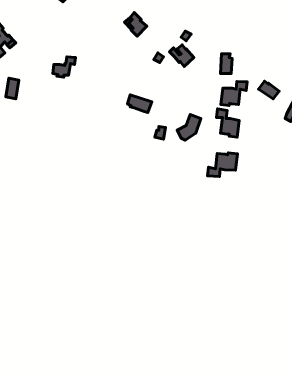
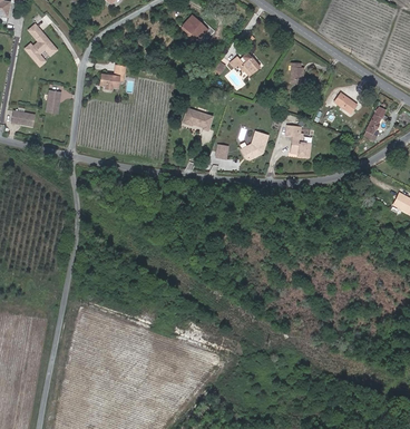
building: [221,81,247,105] -> none
building: [208,153,237,176] -> none

